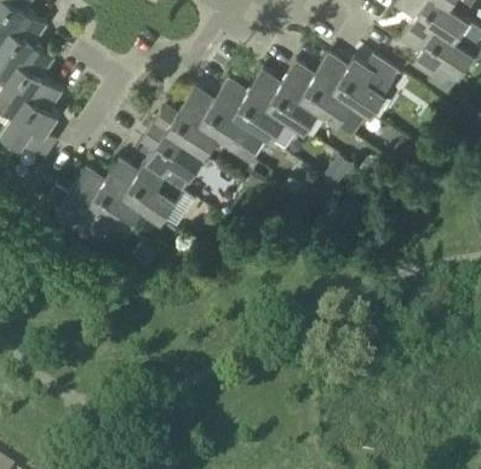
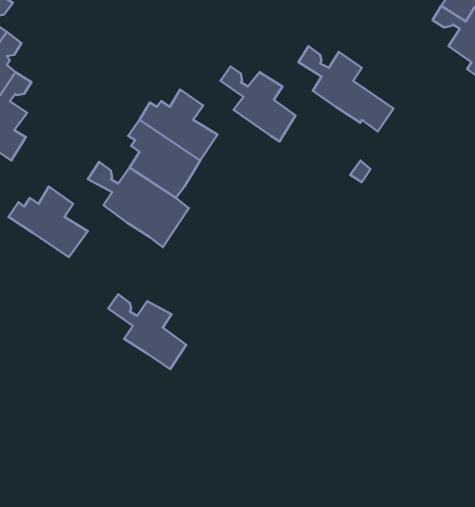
building: [322,50,401,114] -> none
building: [256,67,320,130] -> none
building: [189,82,265,153] -> none
building: [79,164,144,227] -> [108,294,186,369]

